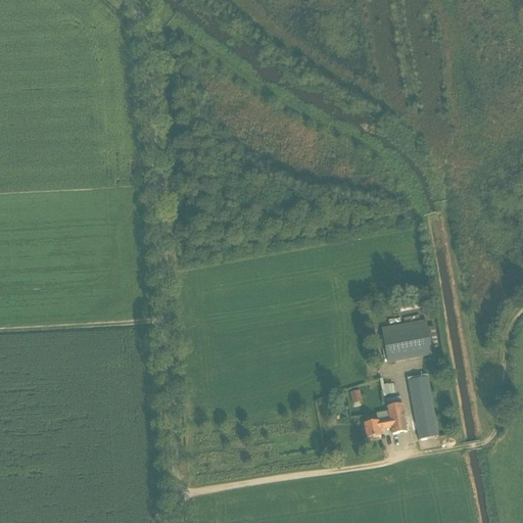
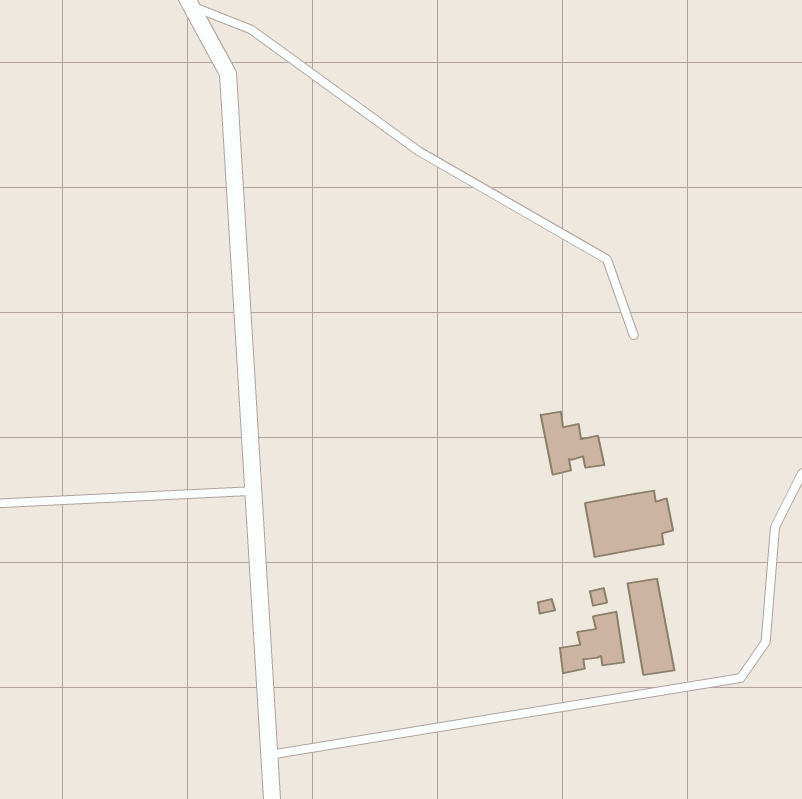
building: none -> [541,412,604,475]

